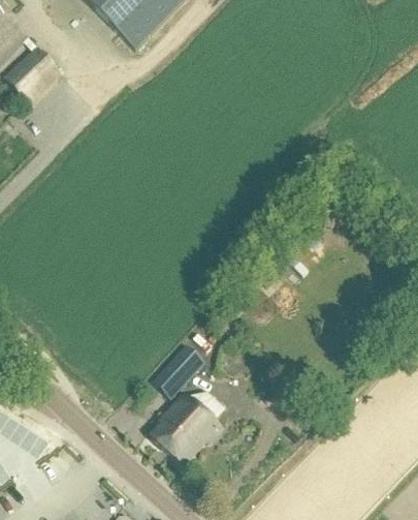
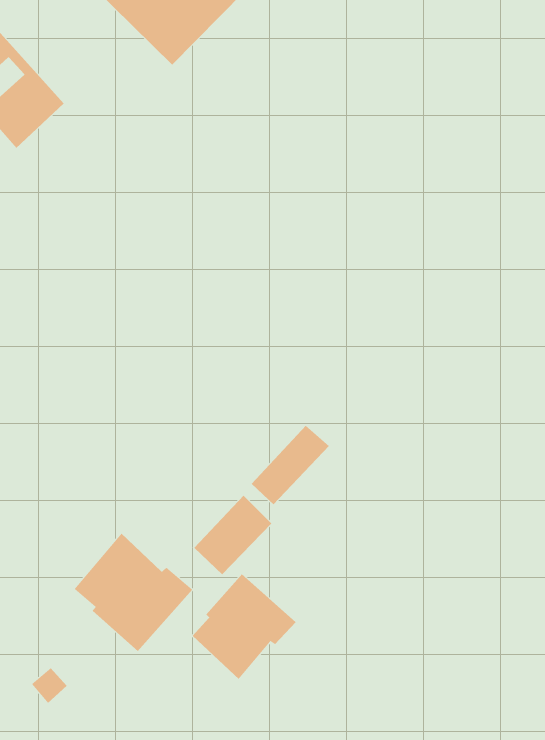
building: none -> [251,425,330,505]
building: none -> [74,533,193,652]

